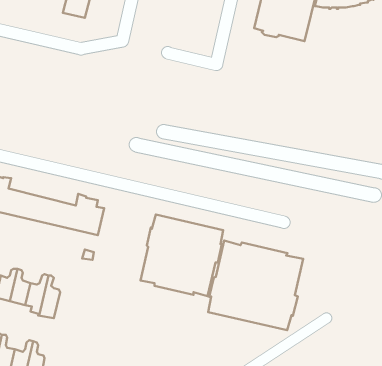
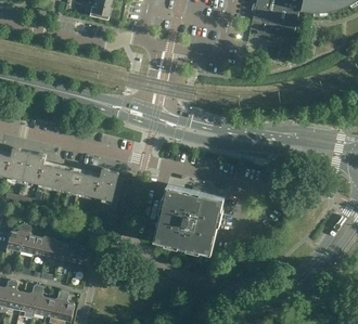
building: [208,241,303,330] -> none

